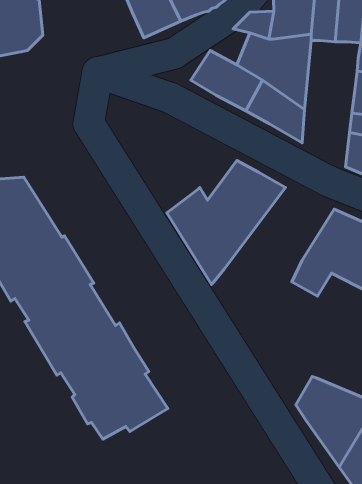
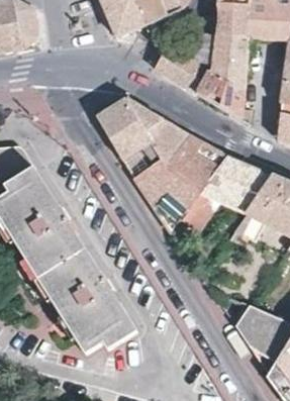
building: none -> [95,98,190,175]
building: none -> [180,155,267,229]

